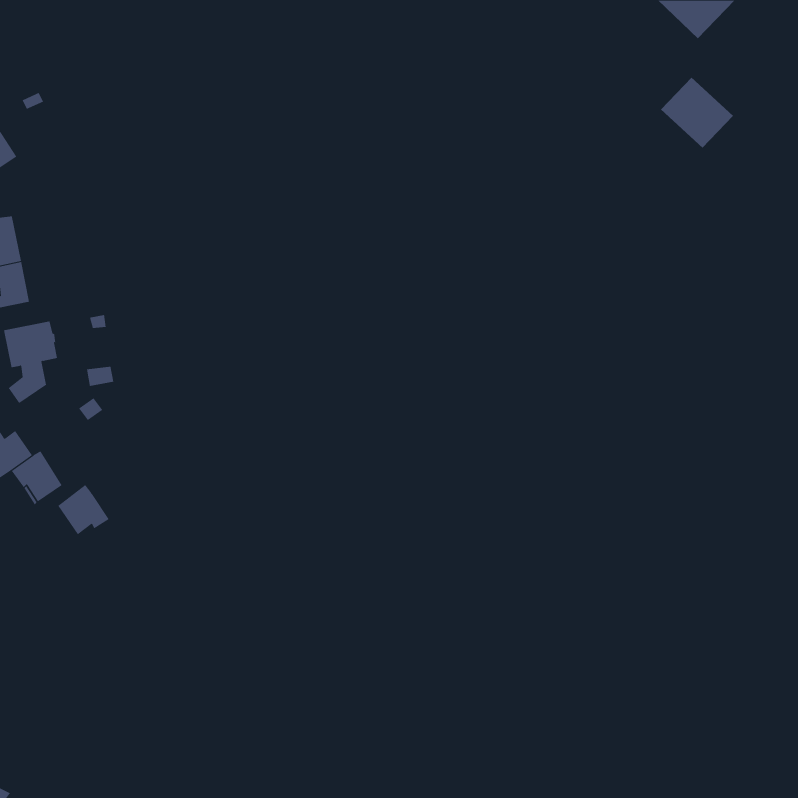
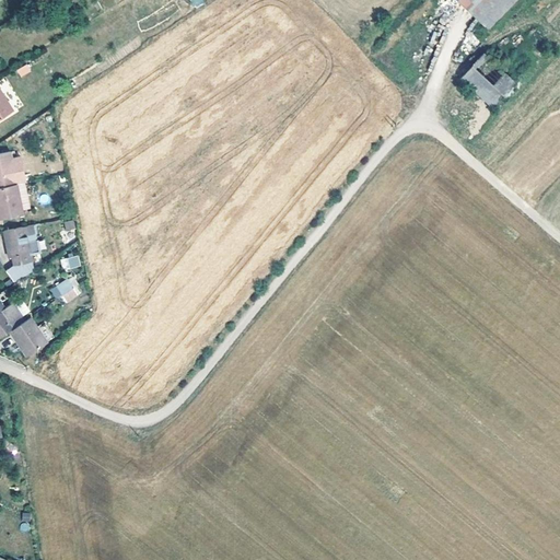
building: [57,484,109,535] -> none

